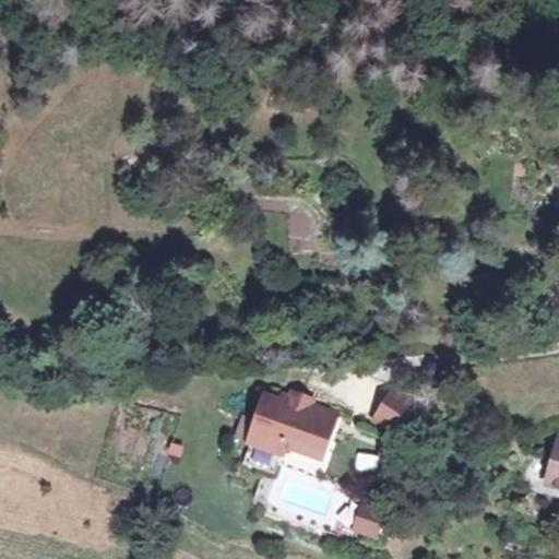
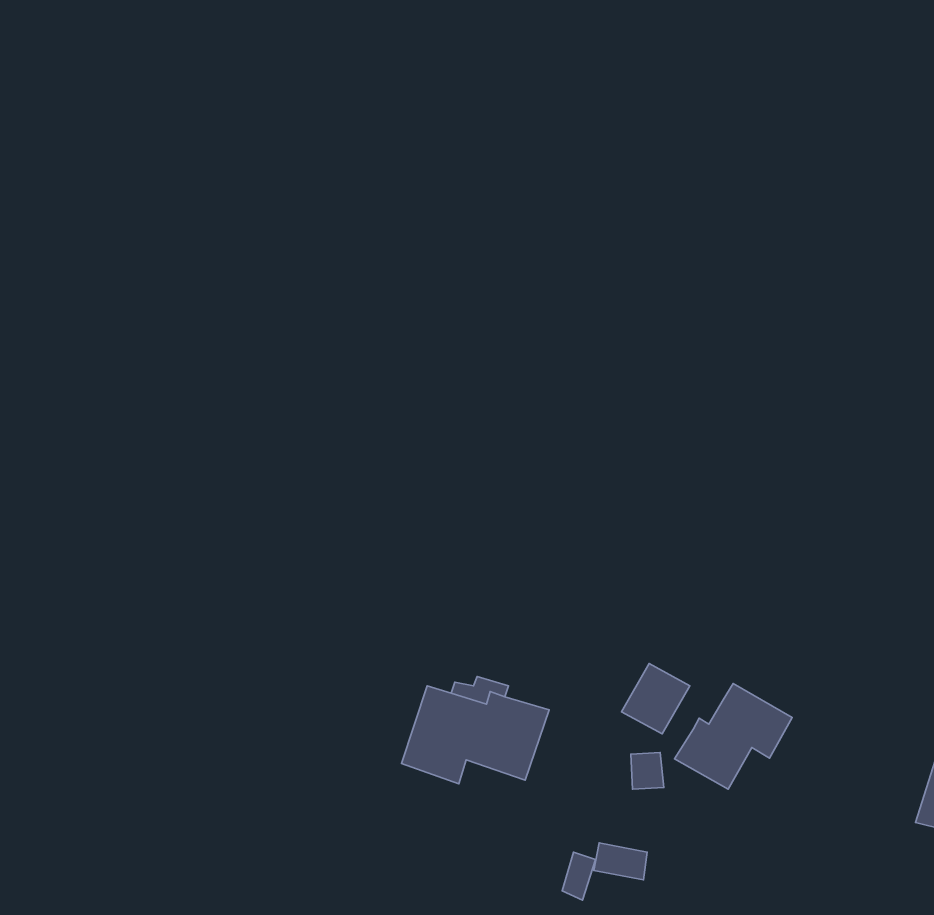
building: none -> [675,683,792,789]

